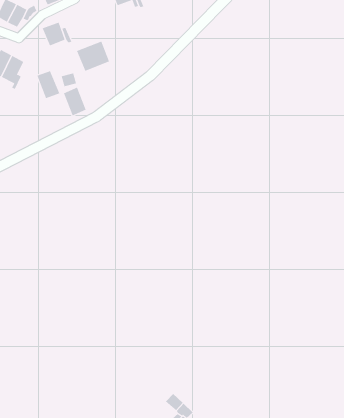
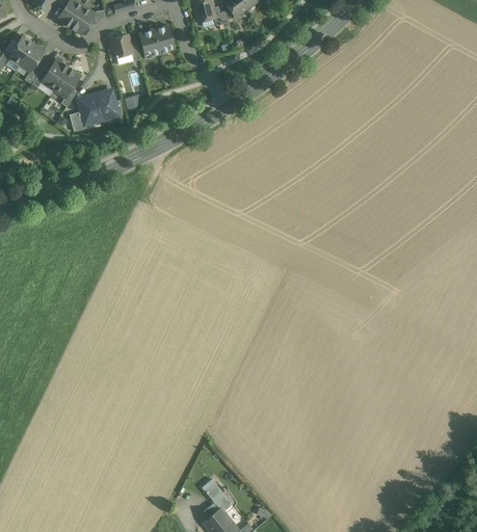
building: [76,41,110,71] -> [137,24,175,57]
building: [63,87,87,116] -> [77,92,102,126]

